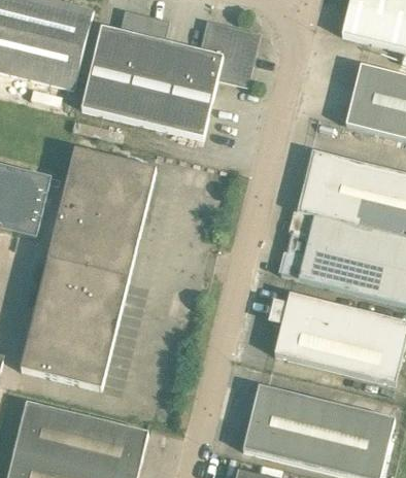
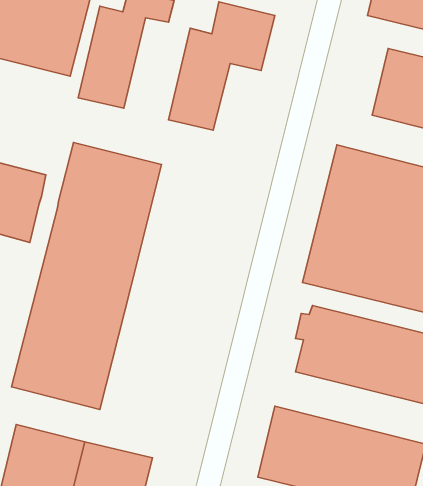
building: [122,36,181,128] -> none

